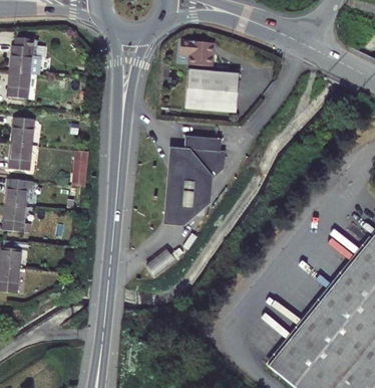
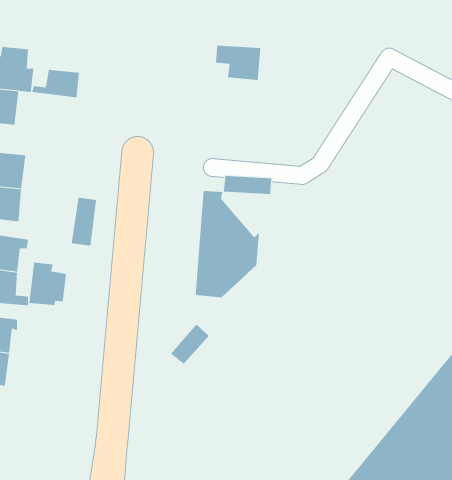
building: none -> [31,69,79,98]
building: [182,67,235,109] -> none
building: [180,146,223,179] -> none
building: none -> [29,262,67,306]

